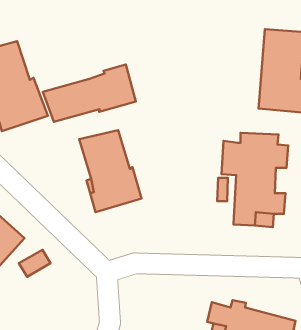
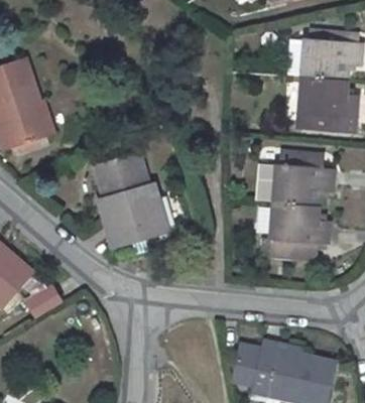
building: [43,64,136,122] -> none

